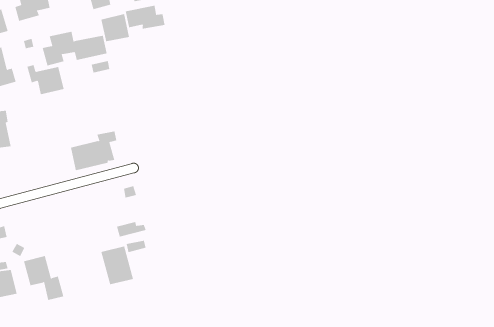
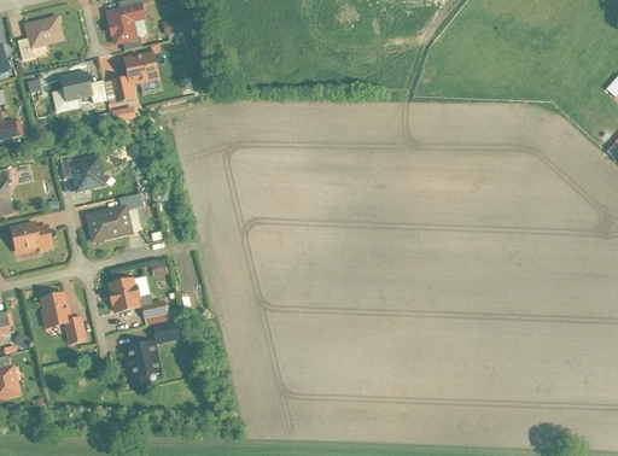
building: [125,5,165,30] -> none
building: [26,65,65,95] -> [60,154,107,192]
building: none -> [11,220,54,252]
building: none -> [107,275,142,312]
building: [23,255,64,300] -> [39,290,89,345]

